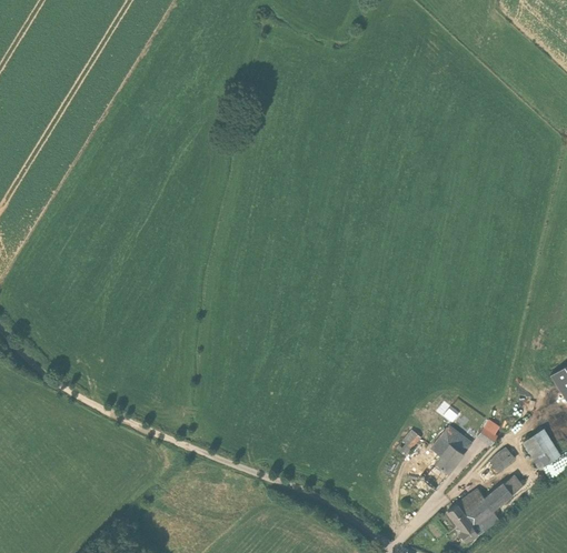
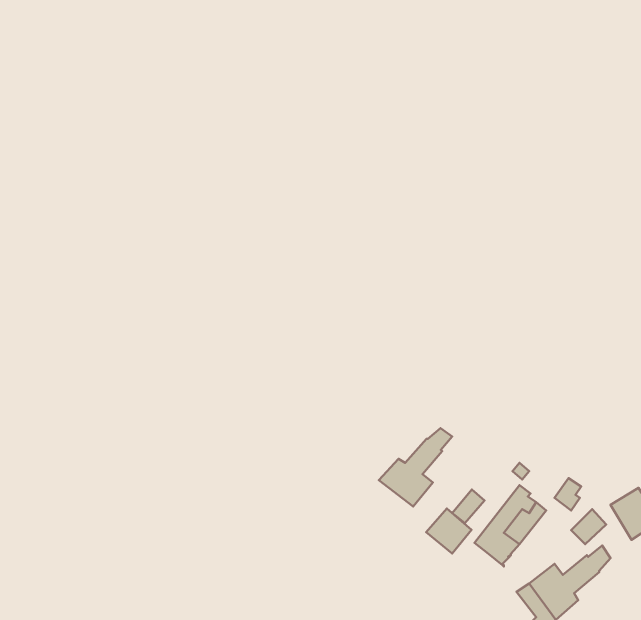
building: none -> [379,428,452,507]
building: none -> [426,509,472,553]

